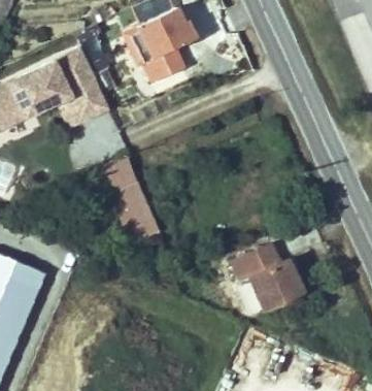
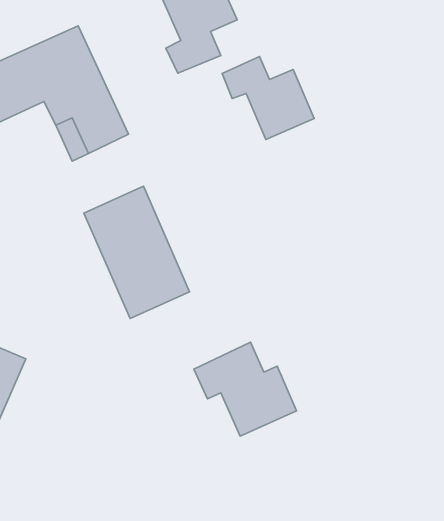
building: none -> [222,56,314,139]
building: [231,242,302,307] -> [194,342,297,436]

